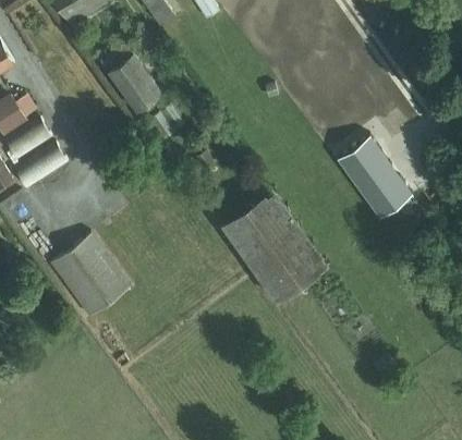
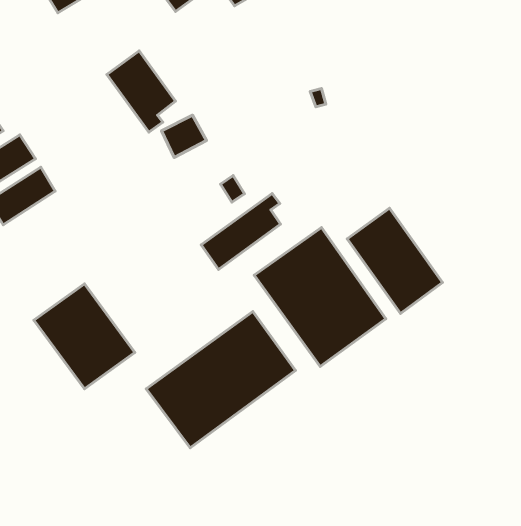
building: [338,135,412,217] -> [347,208,443,313]
building: none -> [201,193,280,269]
building: none -> [146,311,296,448]

